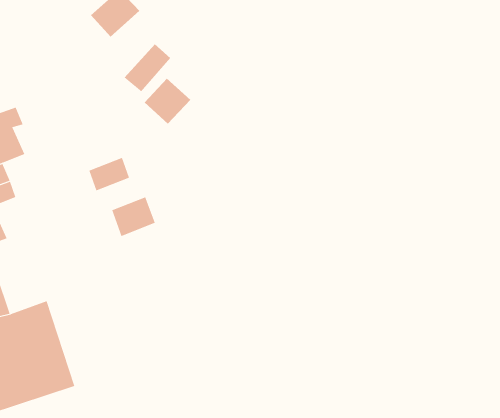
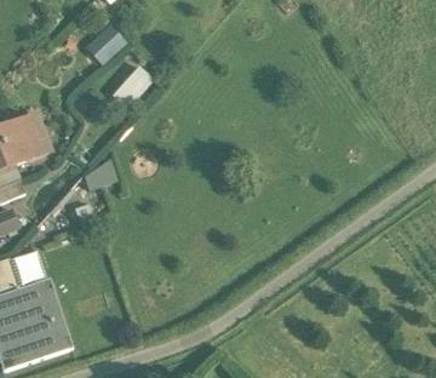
building: [144,78,191,125] -> none
building: [111,196,156,237] -> none

